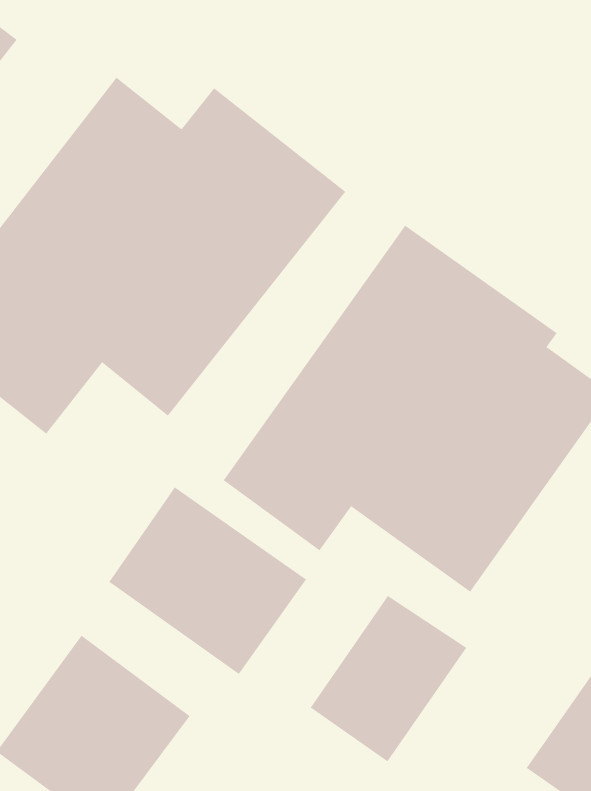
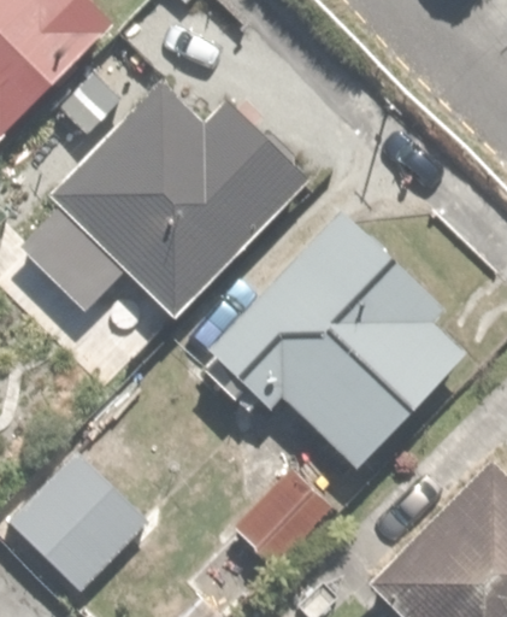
building: [108,487,307,675] -> none

